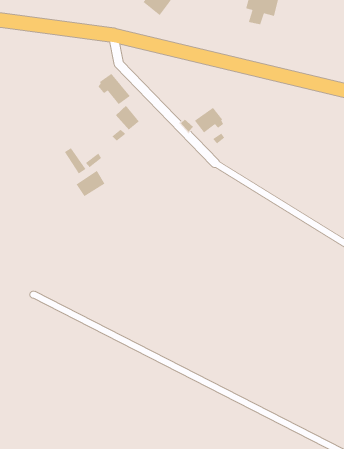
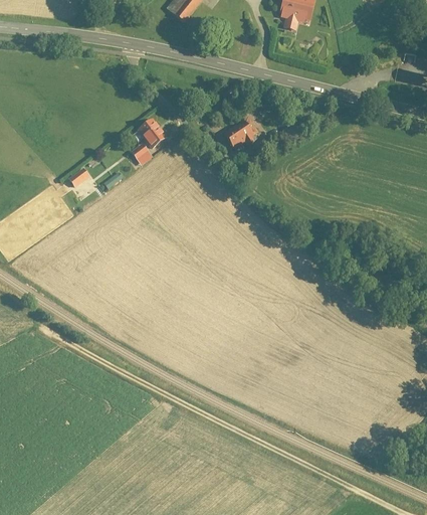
building: [97,73,131,105] -> none
building: [76,170,106,197] -> none

